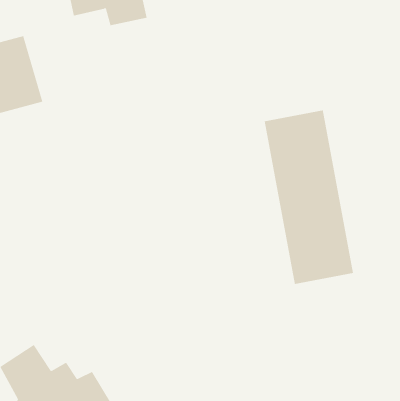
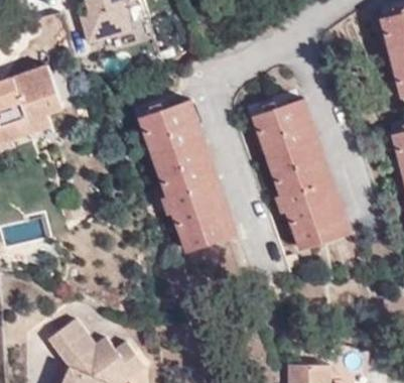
building: none -> [137,110,227,262]

